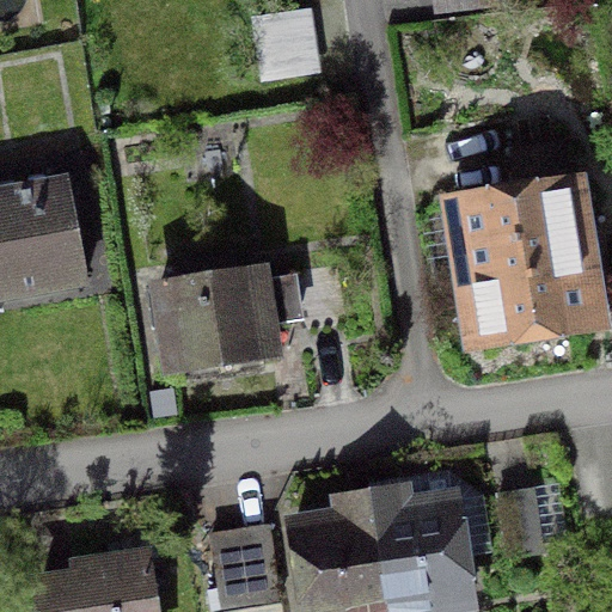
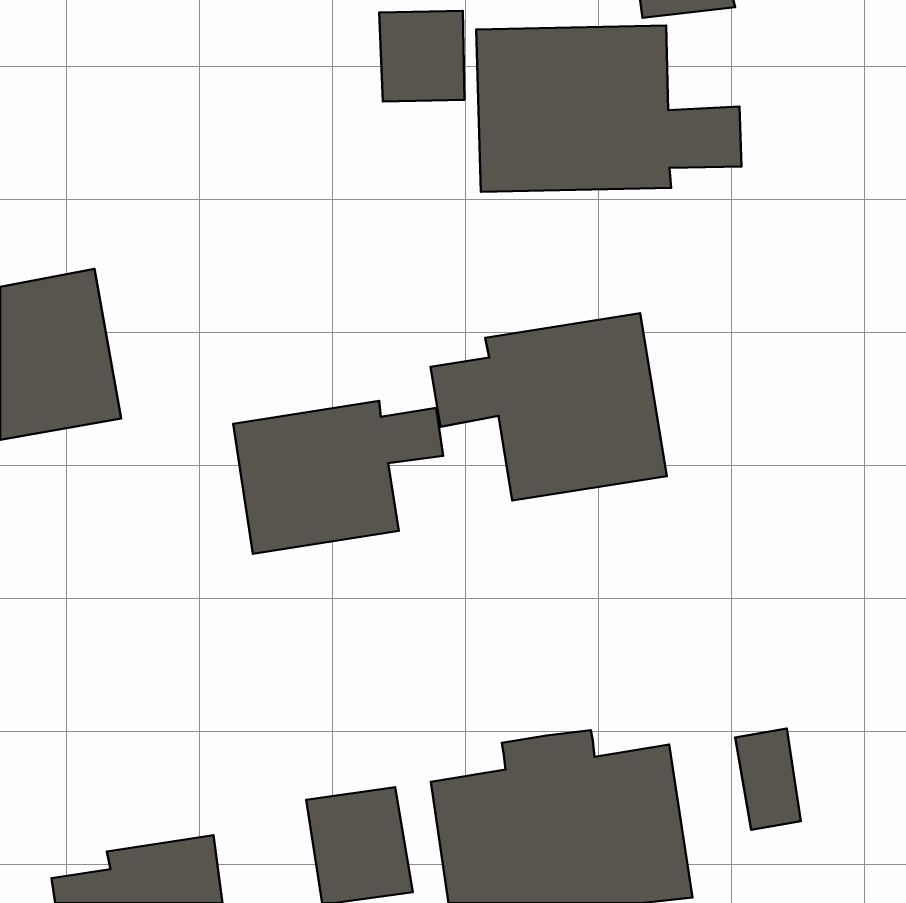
building: none -> [476,25,742,192]
building: [463,149,585,336] -> none
building: none -> [431,313,667,501]

